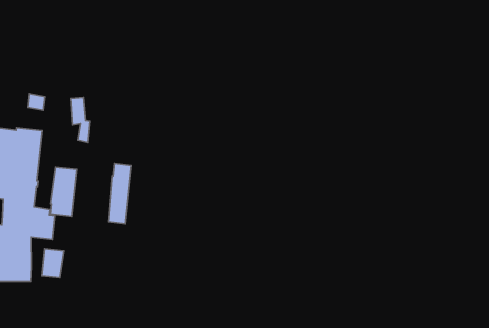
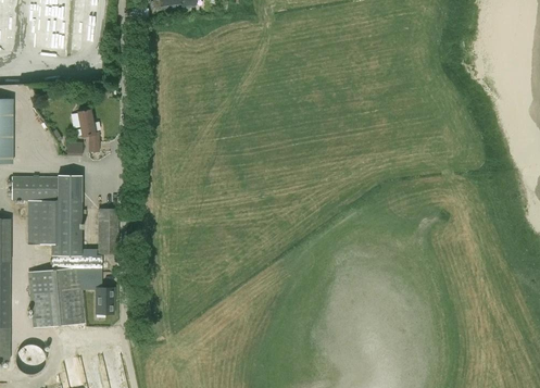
building: [71,98,90,142] -> [78,110,99,152]
building: [108,164,131,224] -> none

